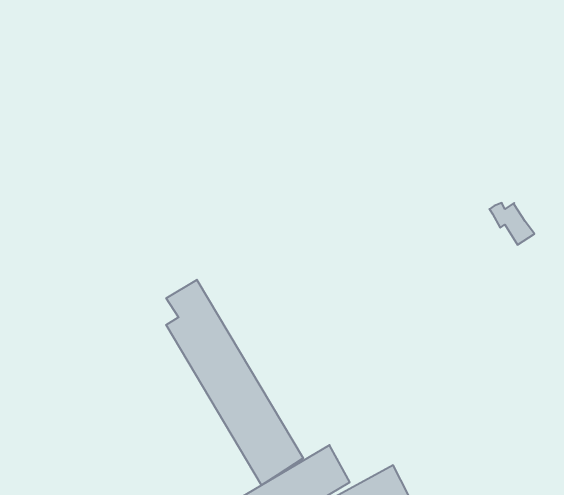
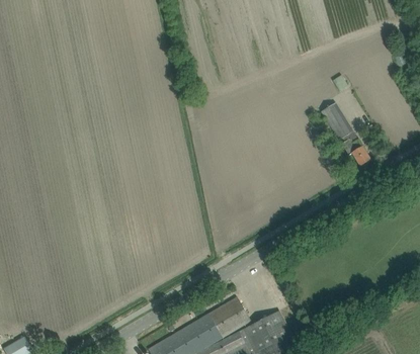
building: none -> [320,101,352,139]
building: [166,280,303,485] -> none

